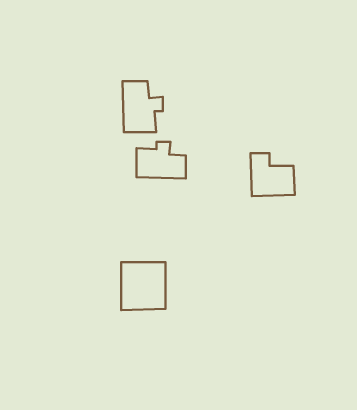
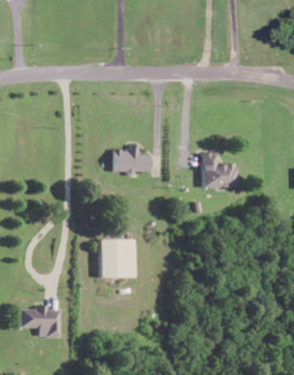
building: [123,81,163,132] -> none
building: none -> [19,308,60,338]

